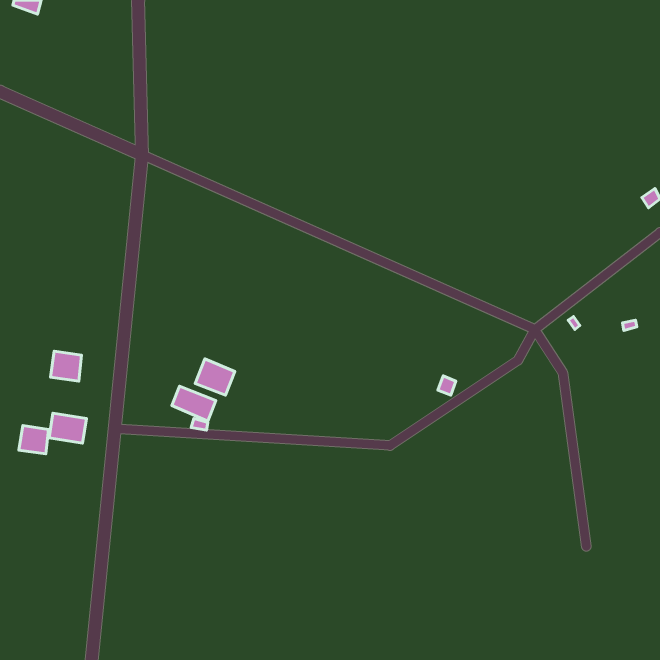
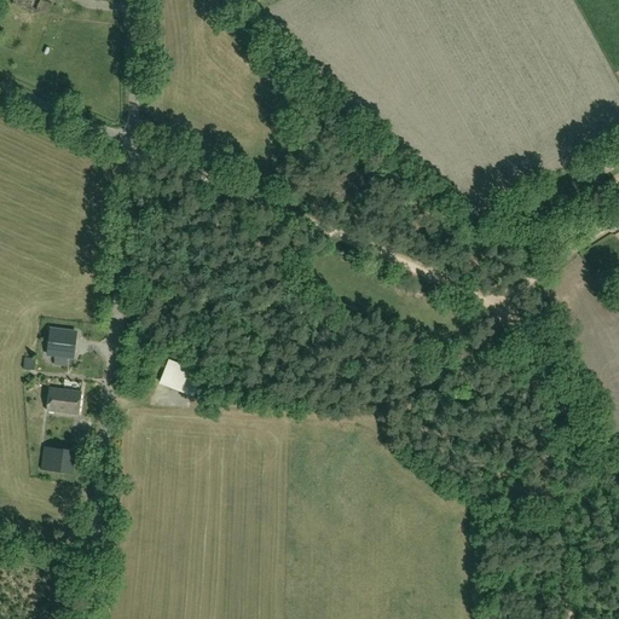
building: [195,359,235,395] -> none
building: [19,426,49,454] -> [41,446,69,473]

